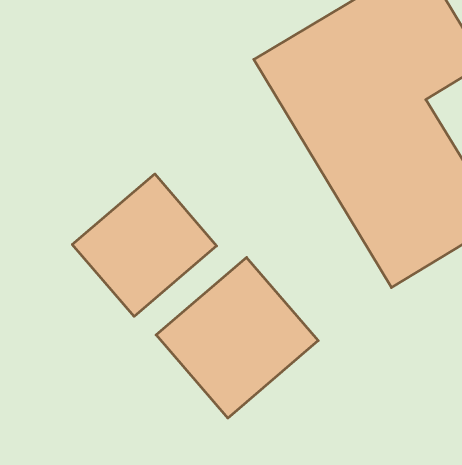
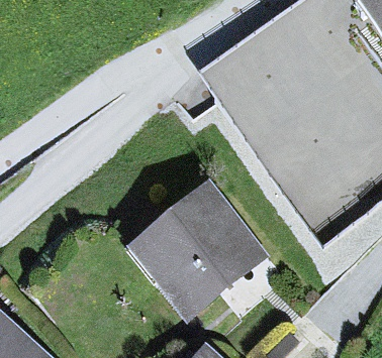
building: [72,174,217,316] -> none

